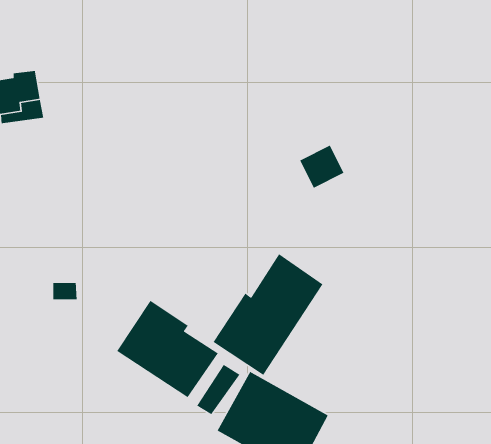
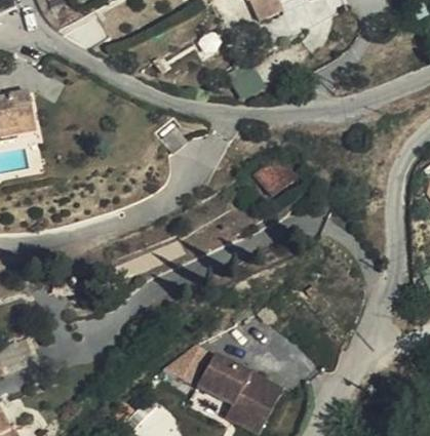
building: [212,253,324,376] -> none
building: [116,300,219,398] -> none

